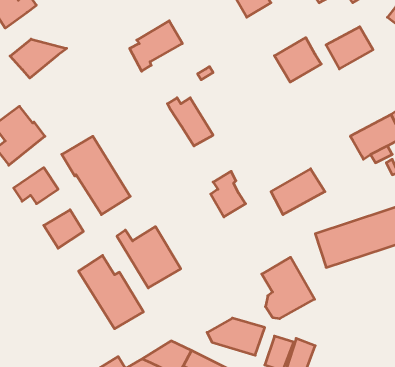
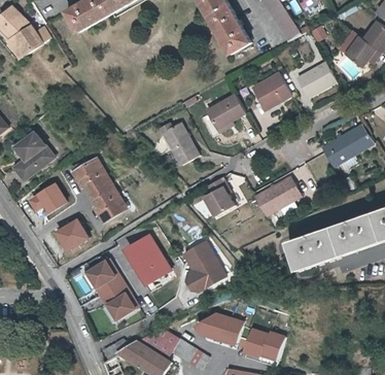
building: [130,21,182,71] -> [201,93,246,136]
building: [10,39,67,78] -> none
building: [262,257,315,319] -> [181,238,226,291]

